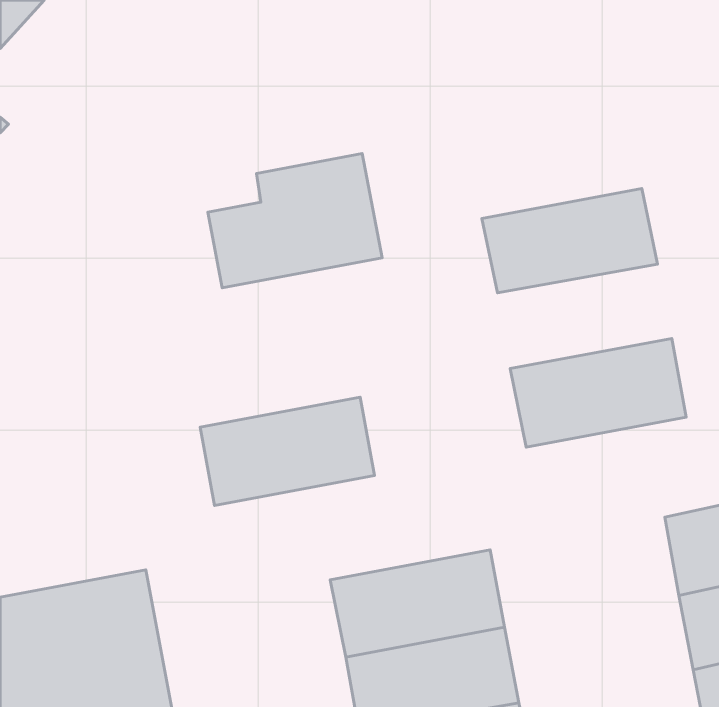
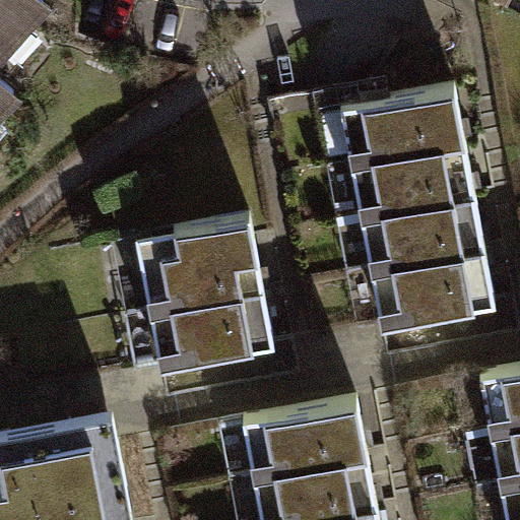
building: none -> [340,94,464,172]
building: [208,153,382,288] -> [140,224,264,320]
building: none -> [362,204,485,278]

